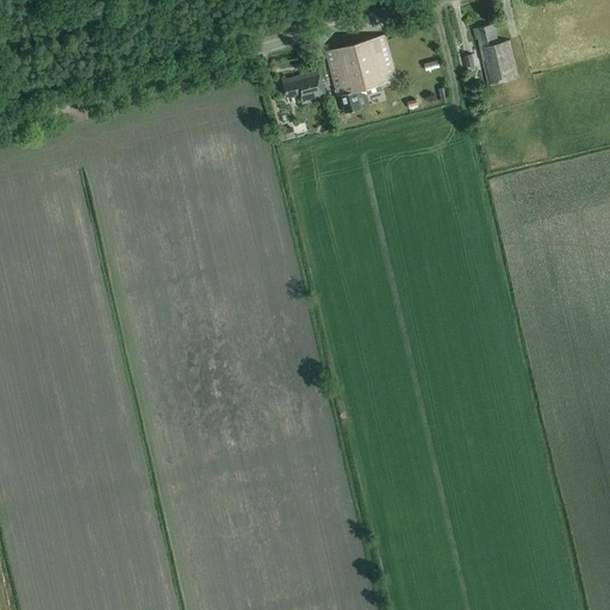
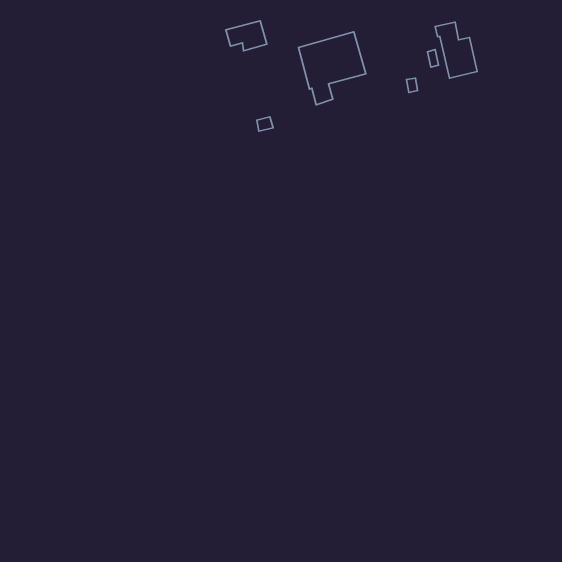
building: [281,70,325,102] -> [226,21,267,51]

